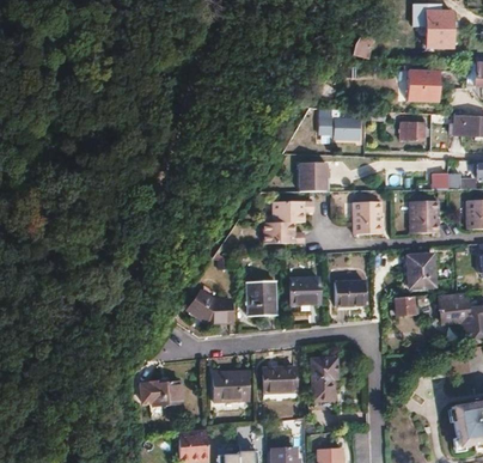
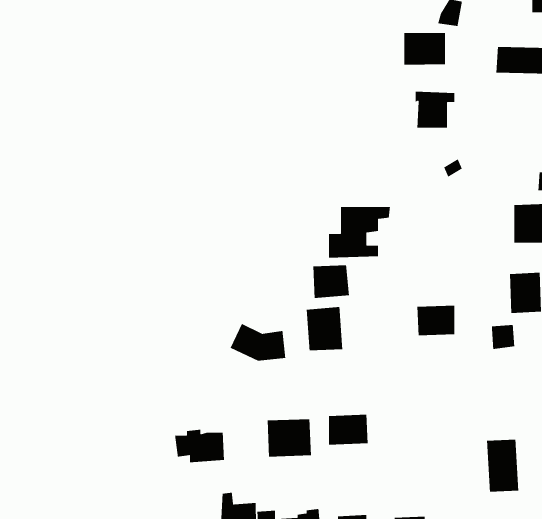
building: none -> [403,32,446,66]
building: [399,116,424,140] -> none
building: [299,162,326,190] -> none
building: [354,200,383,232] -> none
building: [289,278,319,305] -> [312,264,350,299]
building: [311,359,337,402] -> [486,439,519,493]

